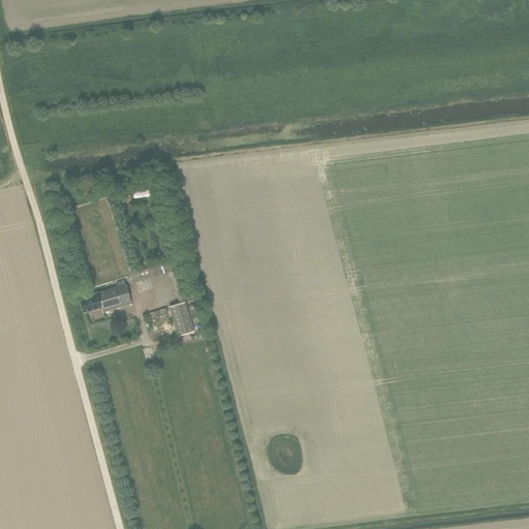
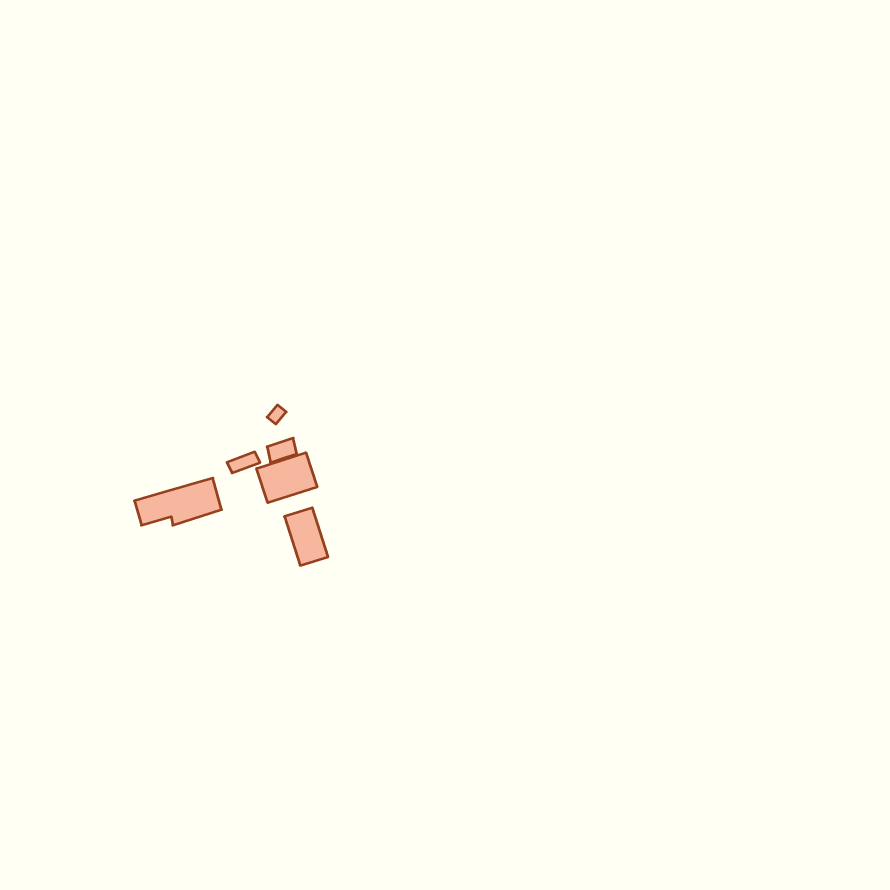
building: none -> [257,453,317,503]

